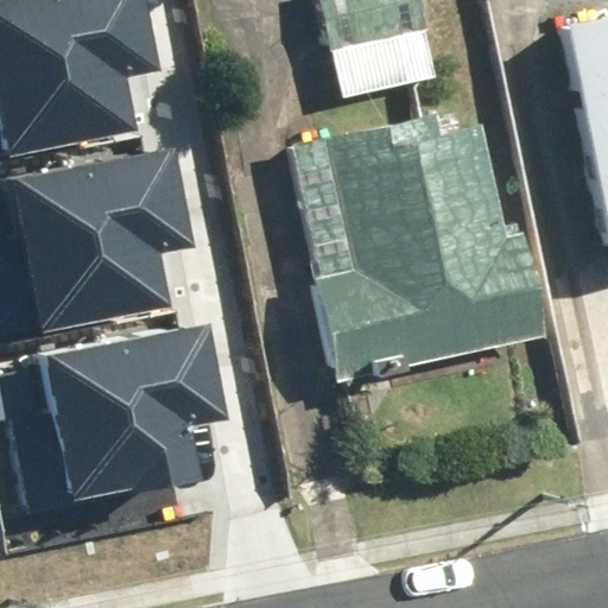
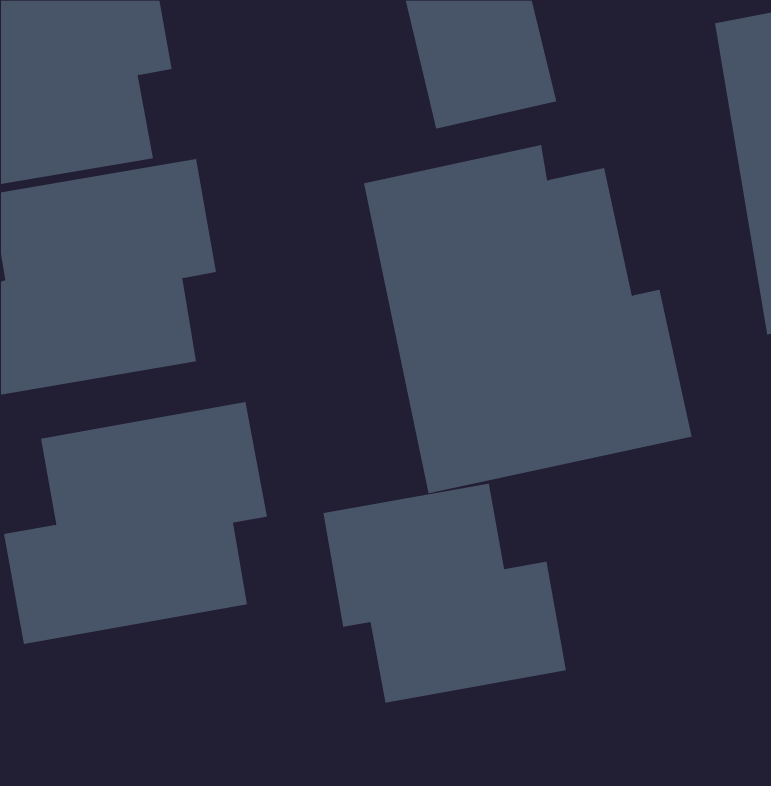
building: none -> [323,483,566,704]

